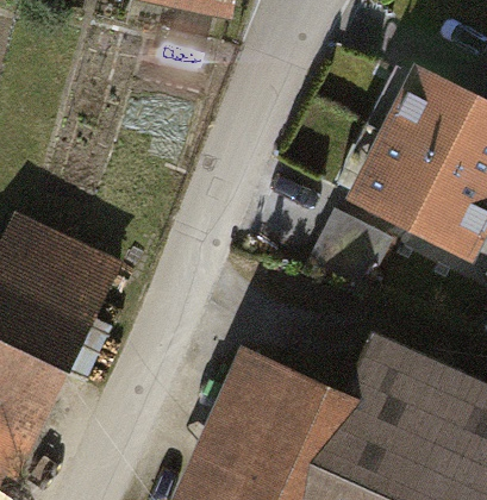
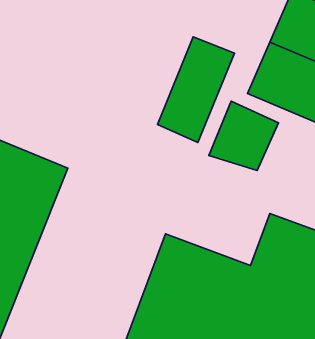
building: none -> [157,37,235,143]

